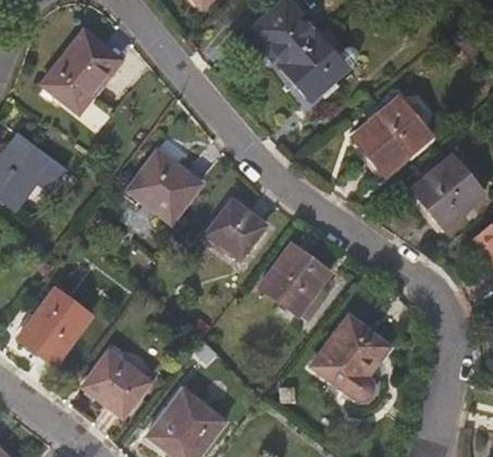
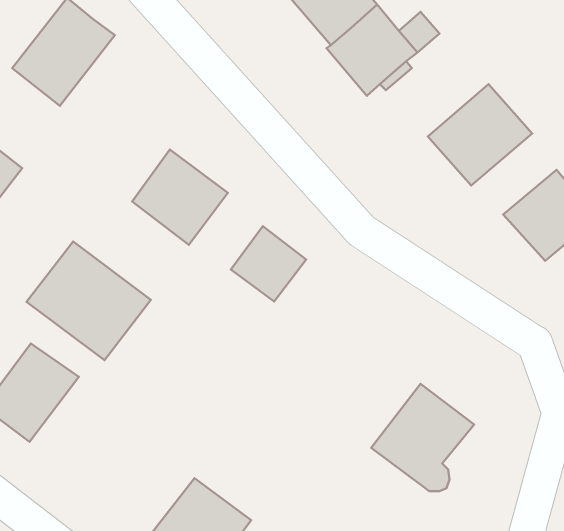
building: none -> [27,242,151,360]
building: [259,246,328,316] -> none
building: [84,353,149,418] -> none

